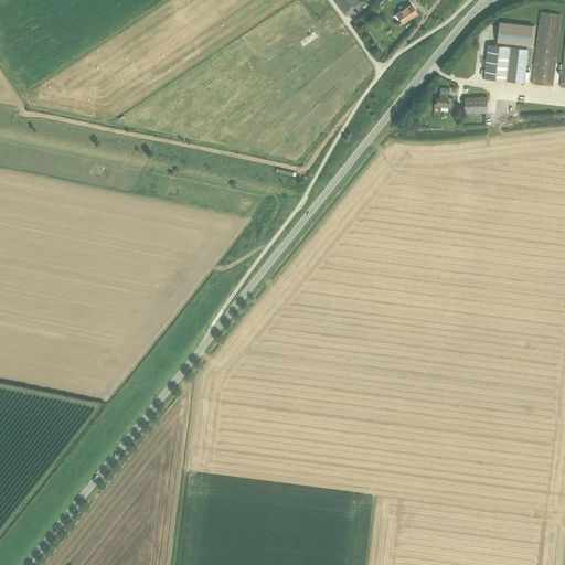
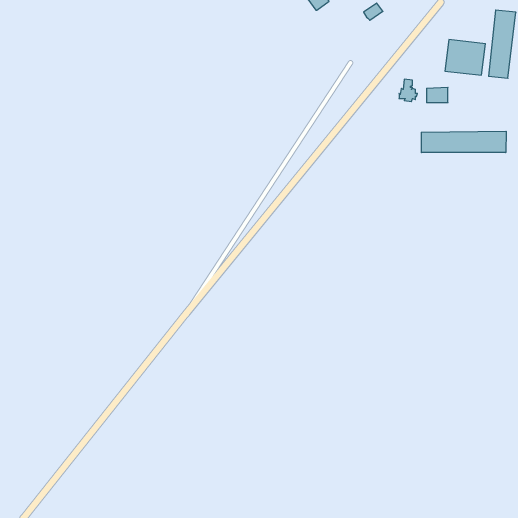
building: [495,21,532,45] -> none
building: none -> [421,131,506,153]

